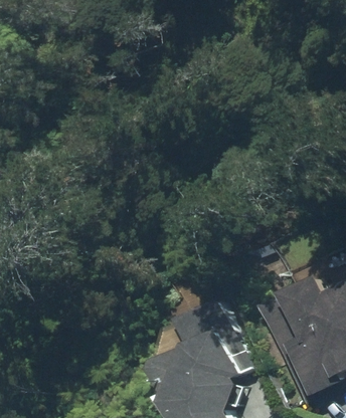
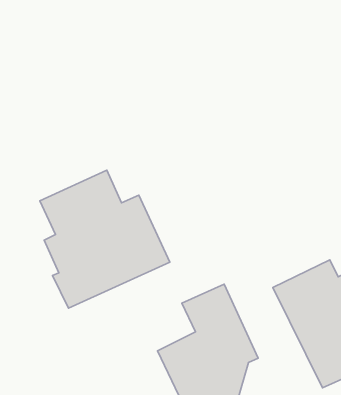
building: none -> [40,170,170,308]

